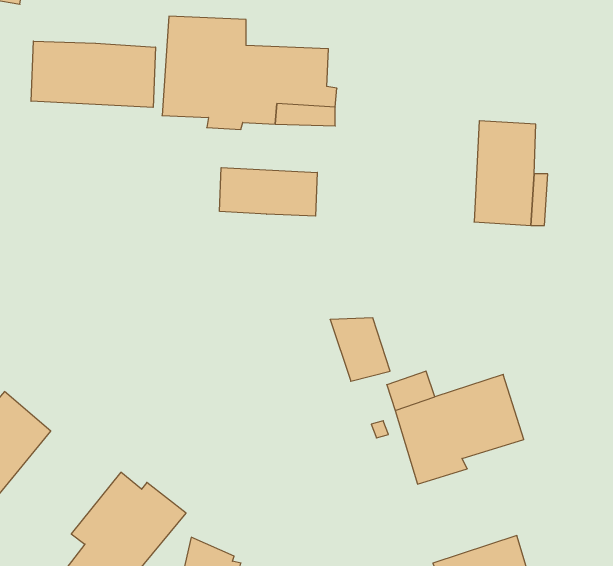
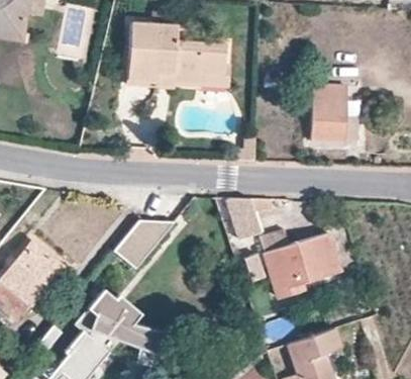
building: [31,41,155,107] -> none
building: [220,168,317,216] -> none
building: none -> [113,221,175,271]

